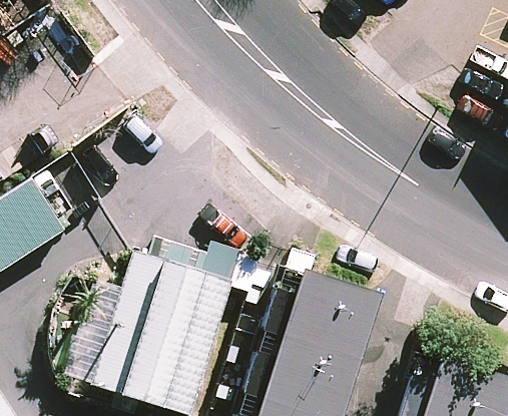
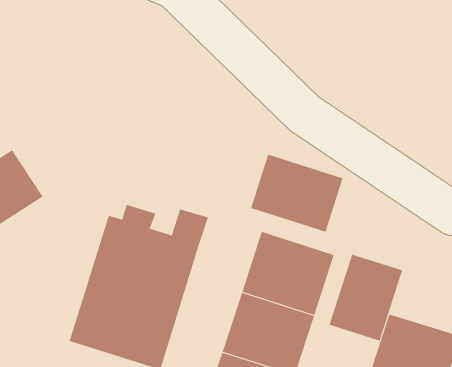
building: none -> [251,154,343,233]
building: none -> [329,254,403,341]

